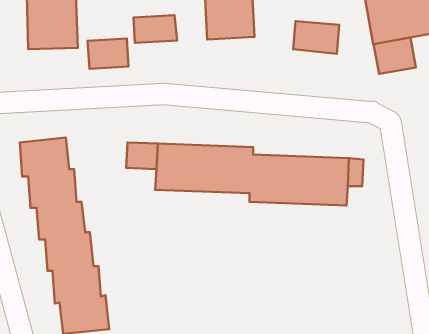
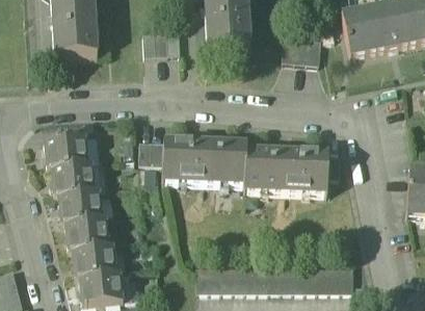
building: [374,38,416,74] -> none
building: [88,39,129,69] -> none
building: none -> [197,265,353,288]

